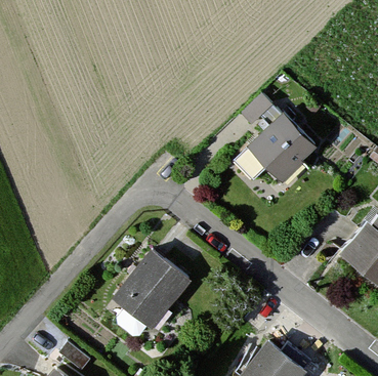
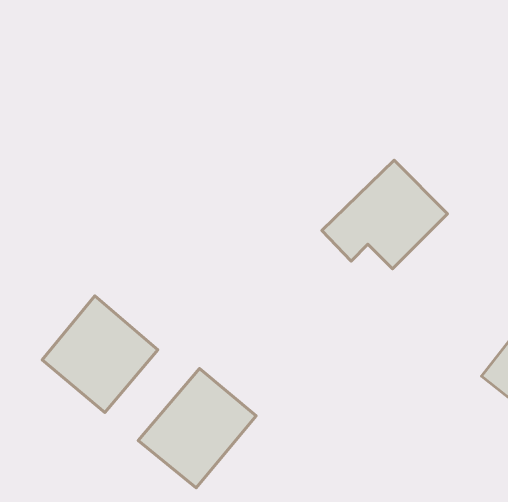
building: none -> [42,296,158,412]

